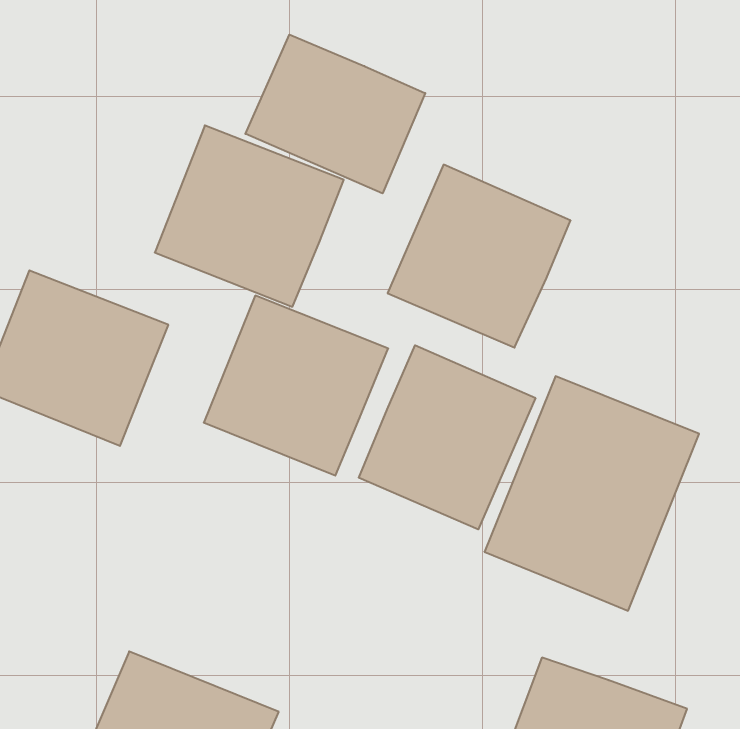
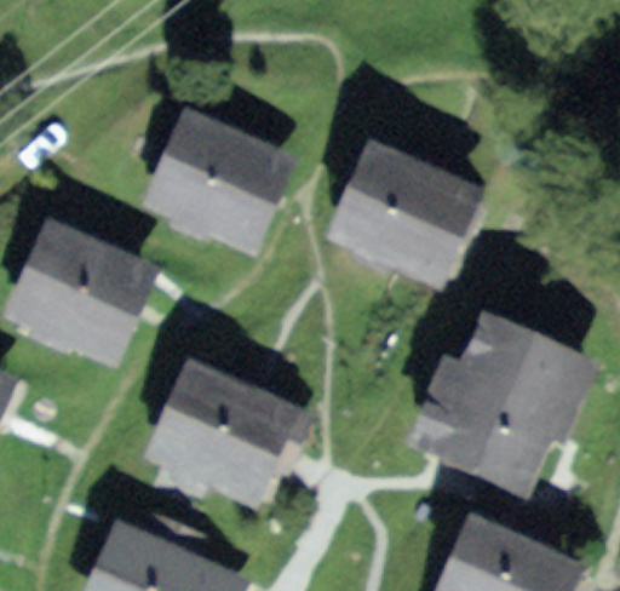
building: [245,35,425,193] -> none
building: [204,296,388,476] -> [153,357,300,501]
building: [359,345,535,529] -> none

